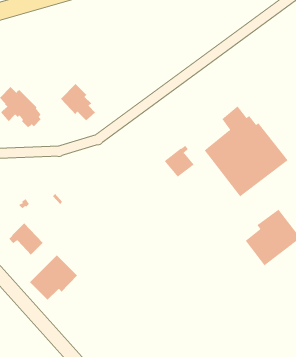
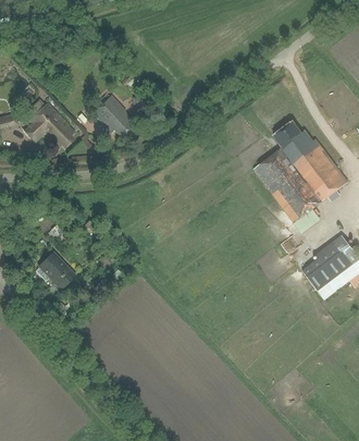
building: [164,145,194,177] -> none
building: [29,254,78,300] -> none

